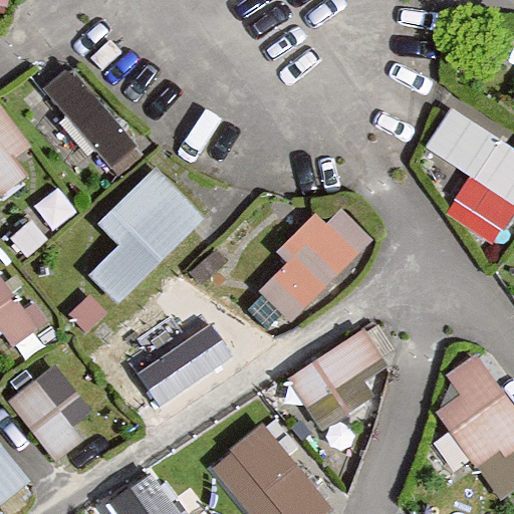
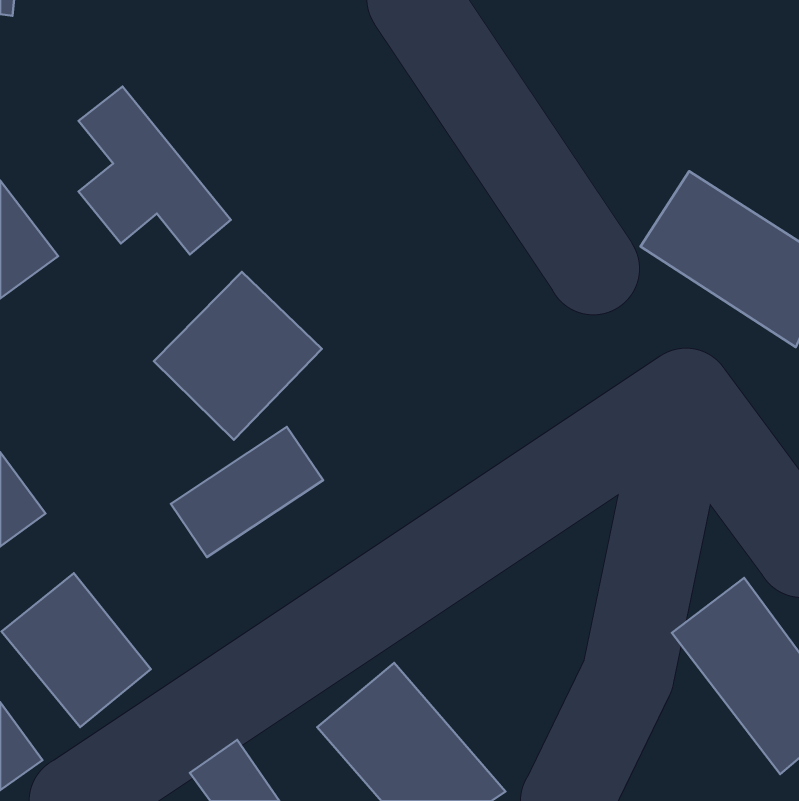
building: [253,210,363,326] -> none
building: [139,322,236,406] -> [171,427,323,557]
building: [290,329,391,417] -> none

